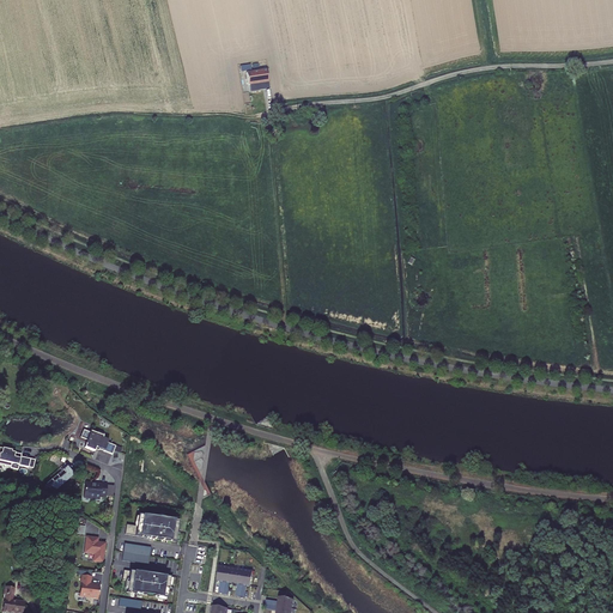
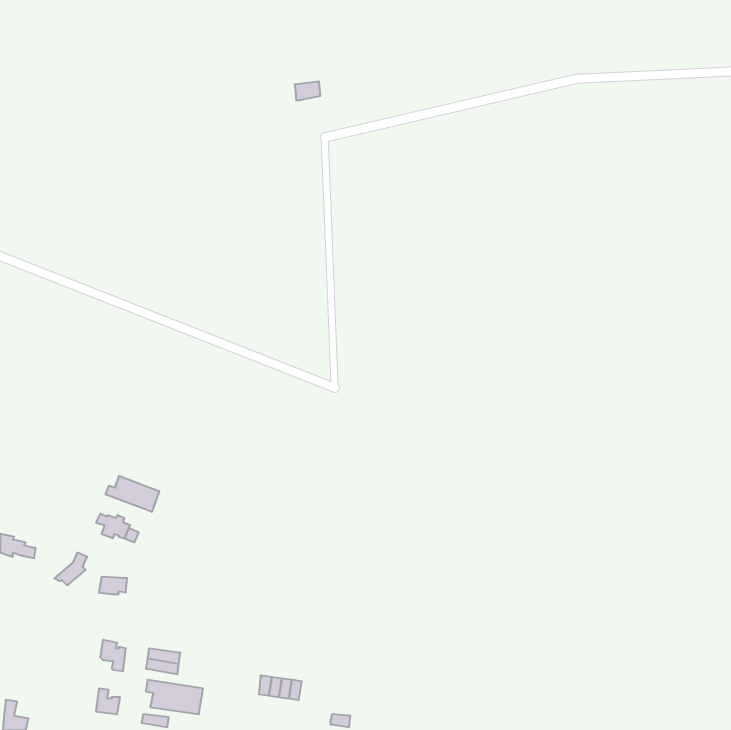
building: none -> [106,476,159,512]
building: [125,514,178,541] -> none

